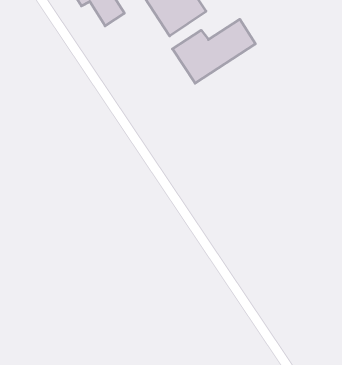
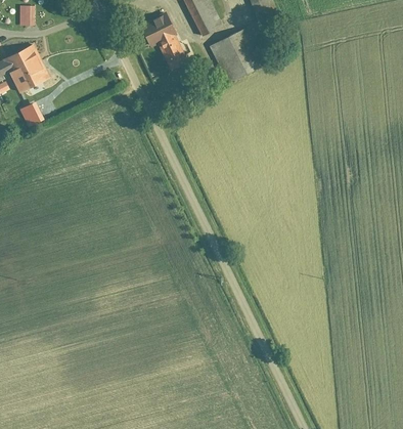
building: [172,19,255,83] -> none

